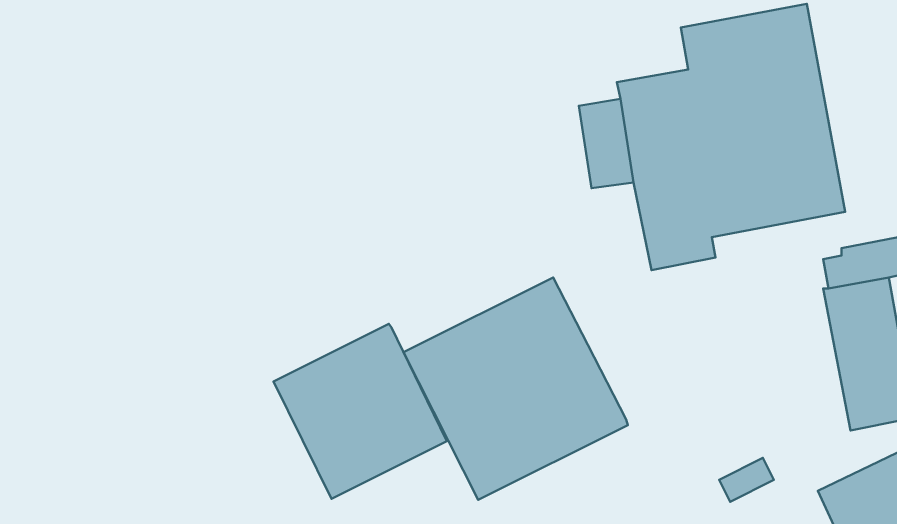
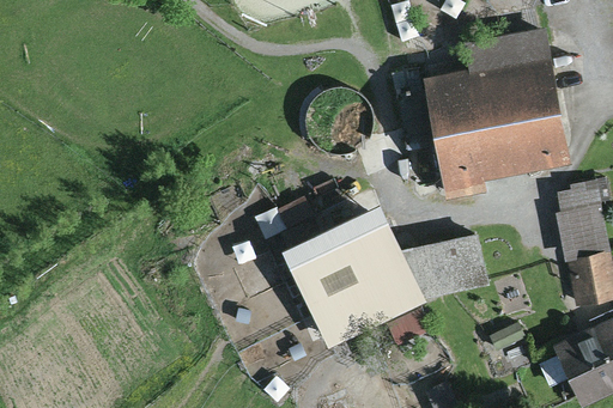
building: none -> [402,235,488,299]
building: [273,324,447,499] -> none

